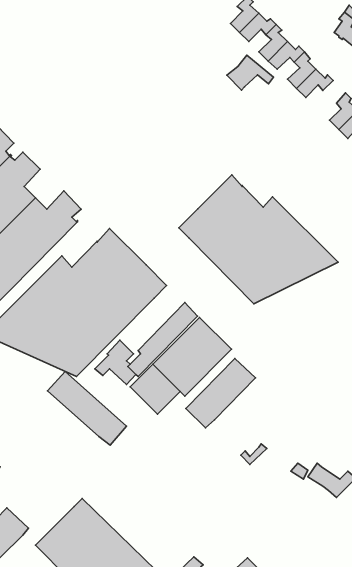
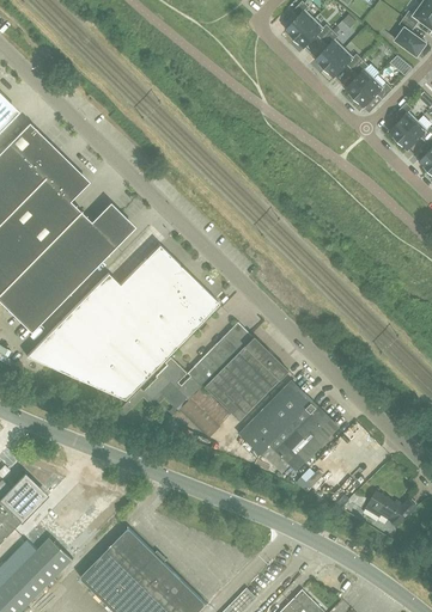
building: [227,55,274,90] -> none
building: [179,175,338,304] -> none
building: [48,372,127,445] -> none
building: none -> [268,402,336,471]

